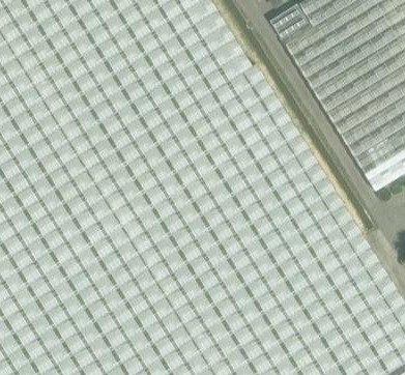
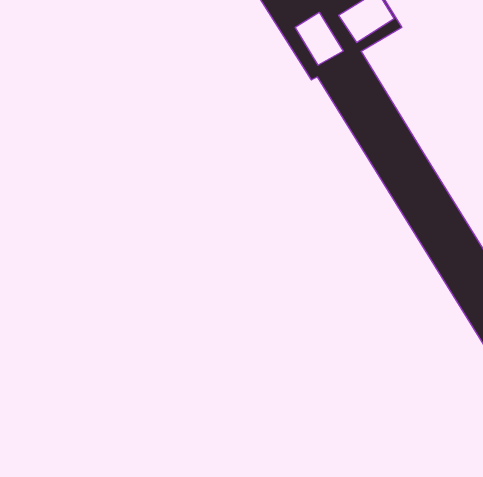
building: none -> [295,12,343,65]

